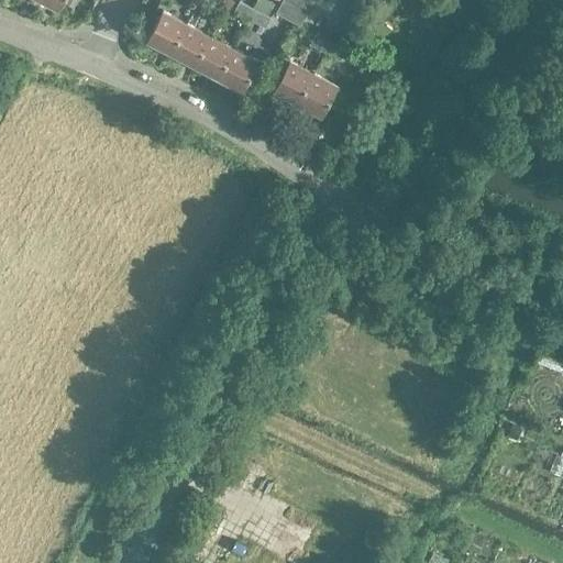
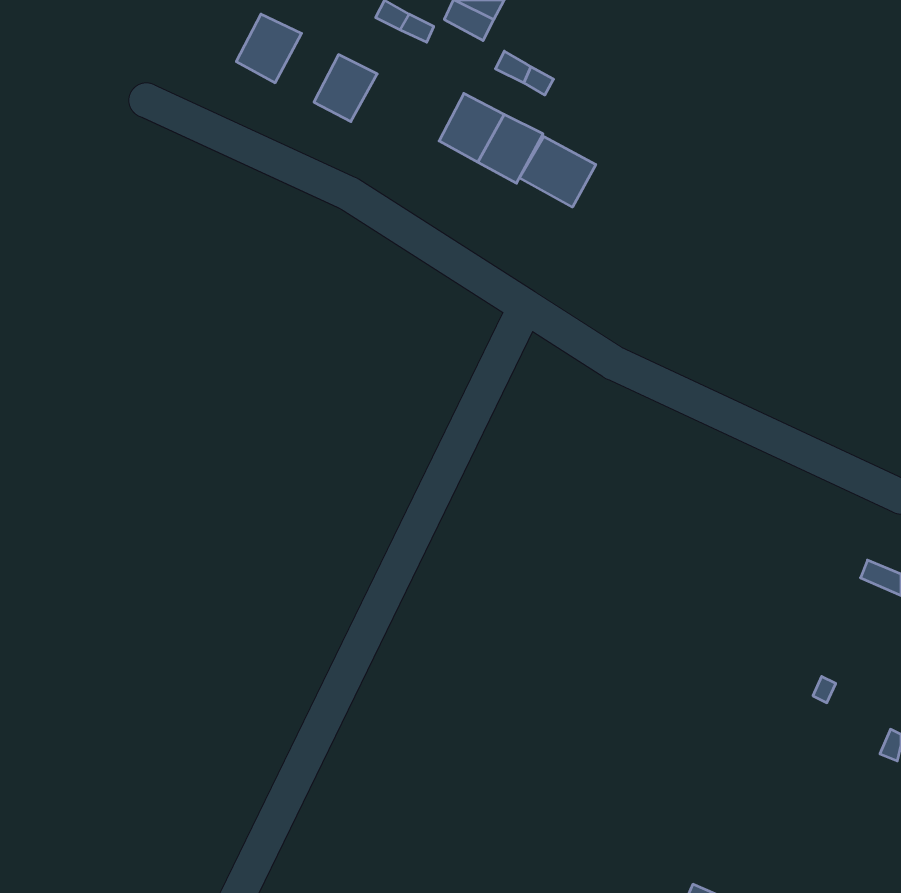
building: [172,25,211,68] -> none
building: [219,51,260,93] -> none
building: none -> [520,137,596,207]

